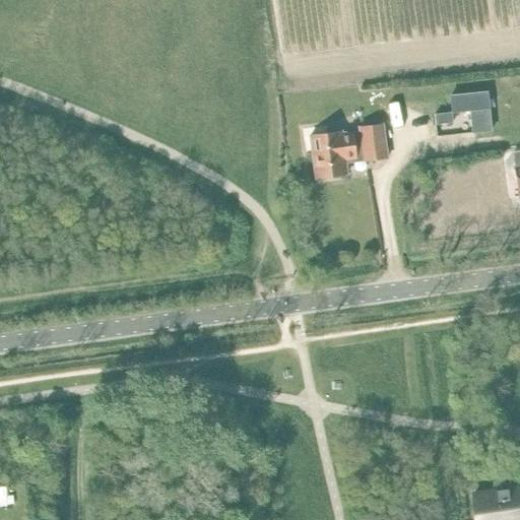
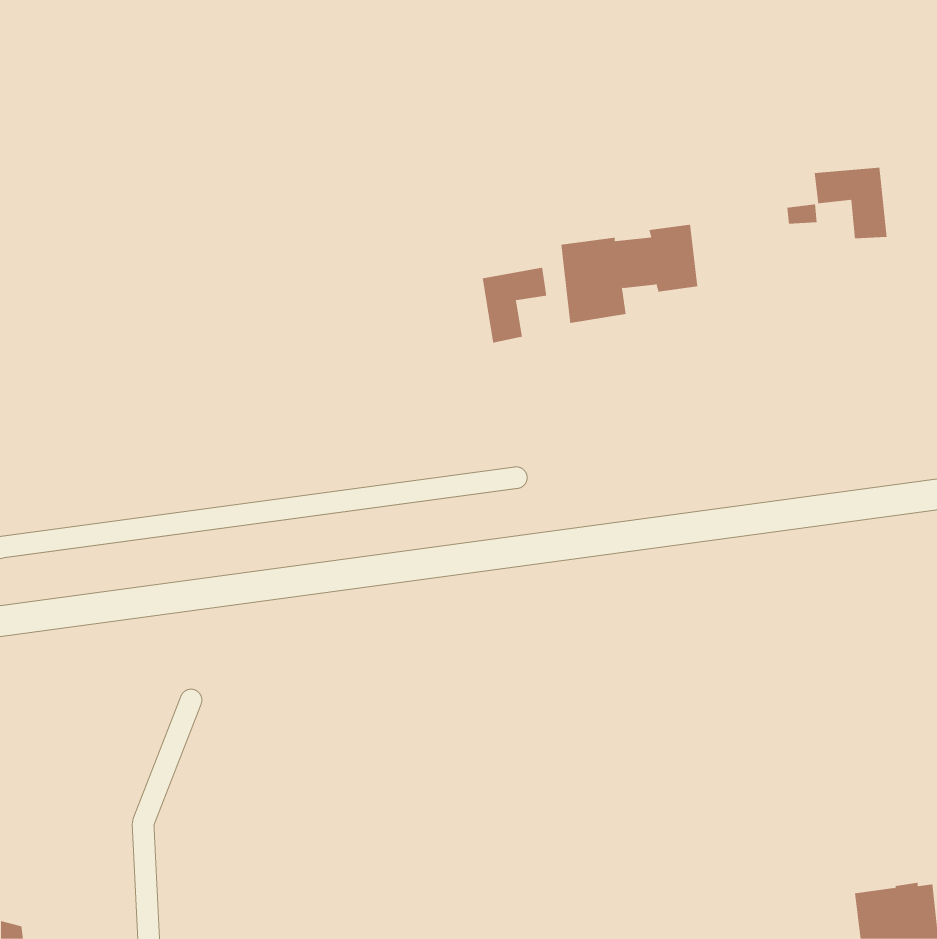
building: none -> [482,267,547,343]

